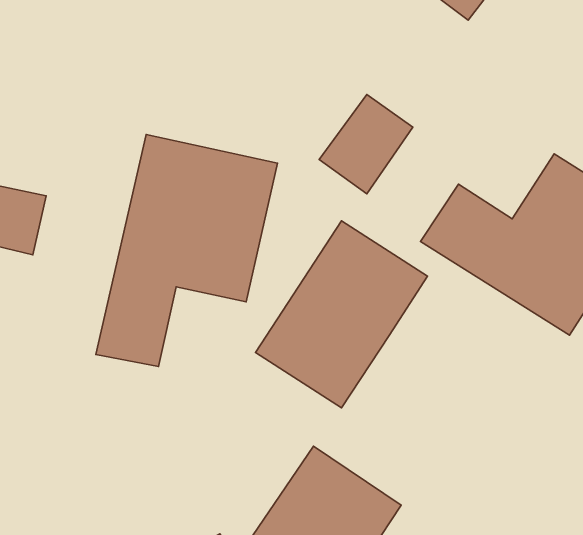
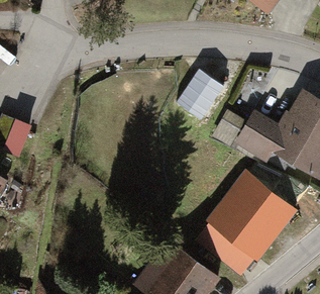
building: [96,134,278,367] -> none
building: [255,221,427,408] -> [209,174,300,273]

